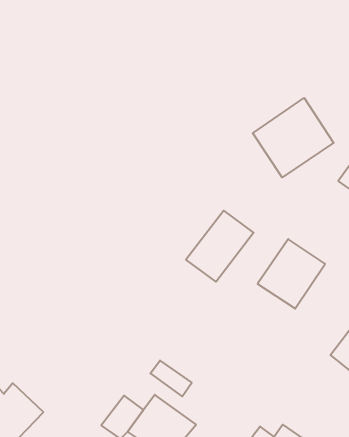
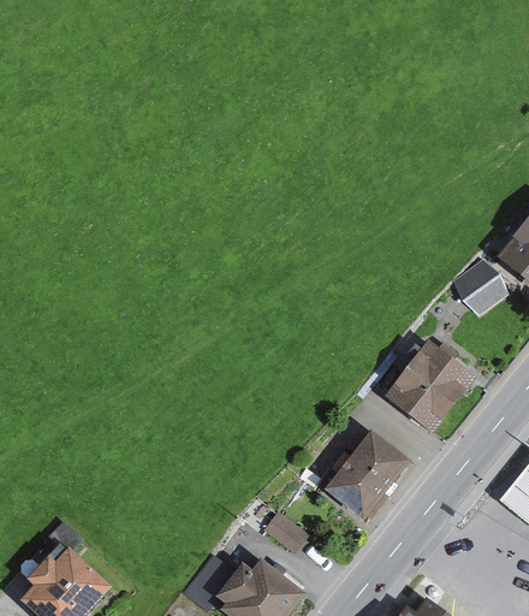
building: [253,98,334,177] -> none
building: none -> [450,259,503,309]
building: [186,211,254,282] -> [323,428,416,526]

